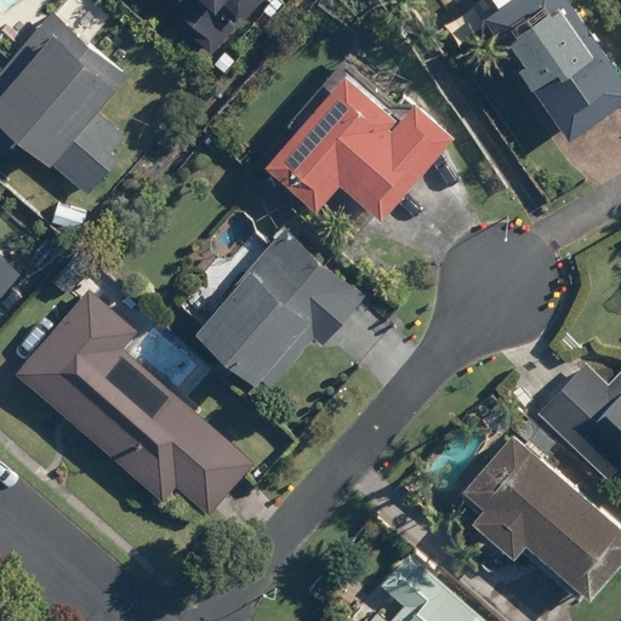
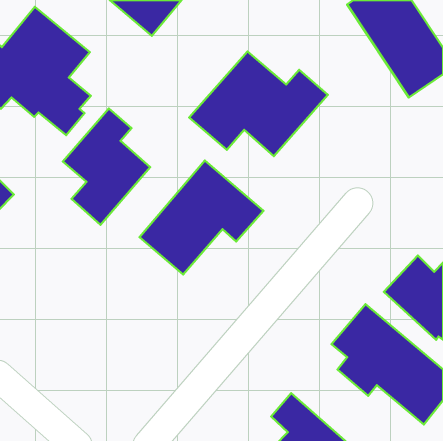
building: none -> [63,108,150,225]
building: [15,294,251,514] -> none

